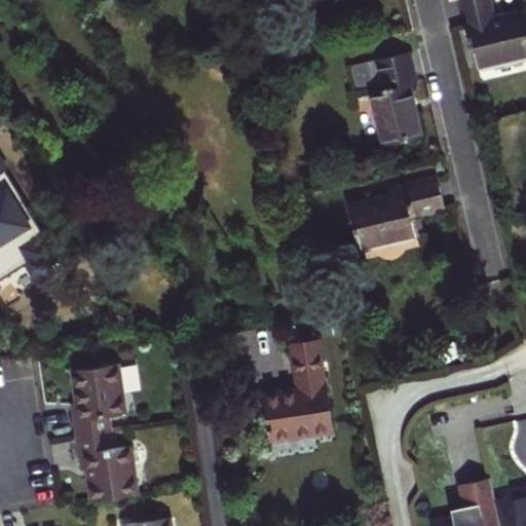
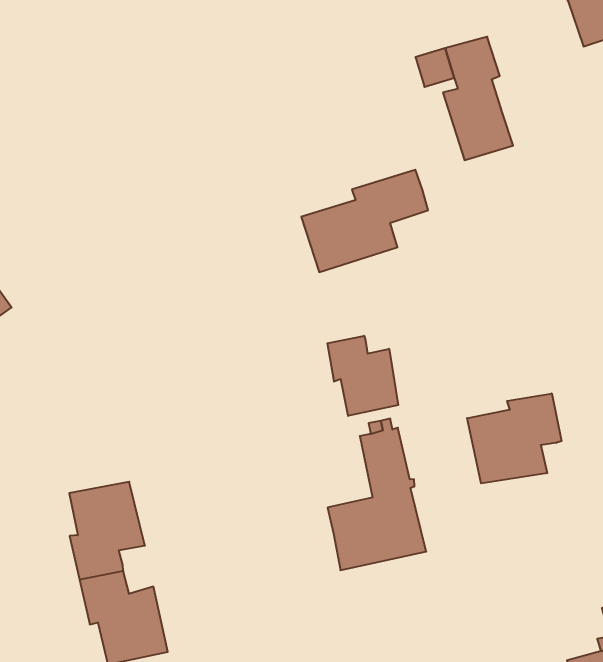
building: [347,180,442,251] -> [301,170,428,272]
building: none -> [327,336,398,416]
building: none -> [467,393,562,483]

